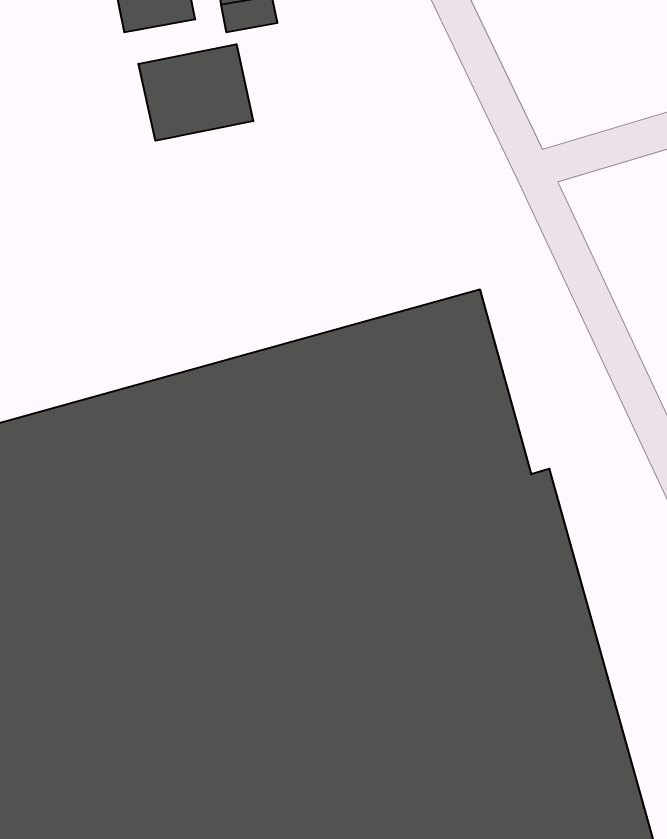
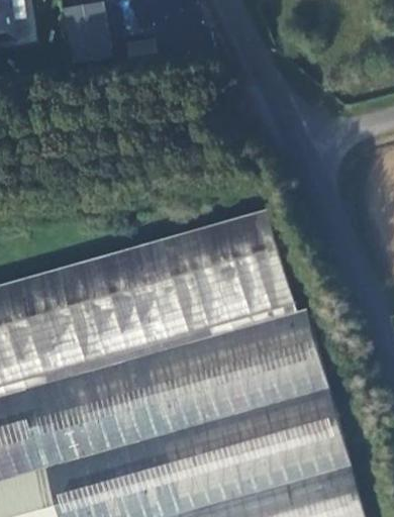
building: [138,44,253,141] -> none

